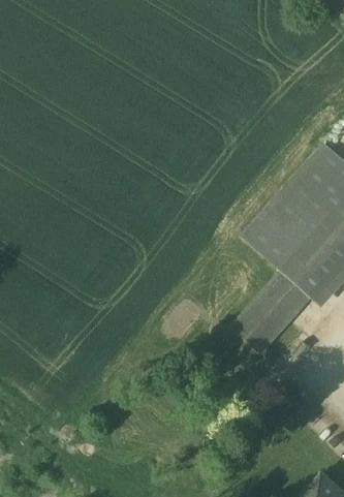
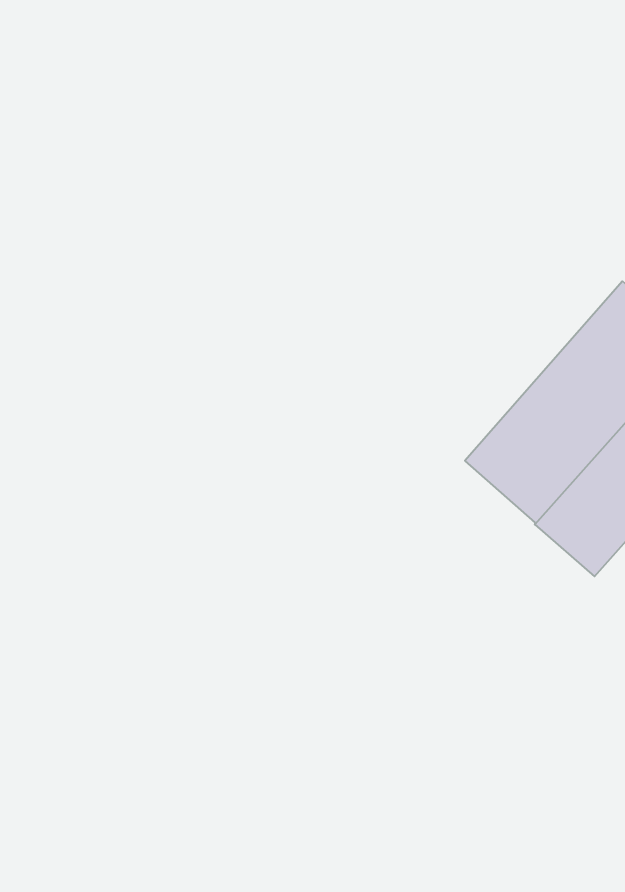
building: [234,271,313,352] -> none

